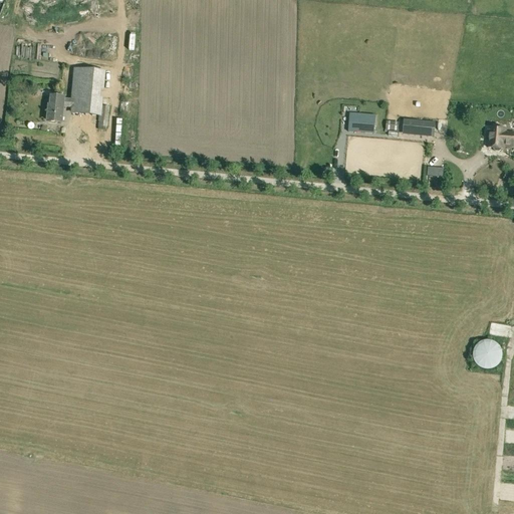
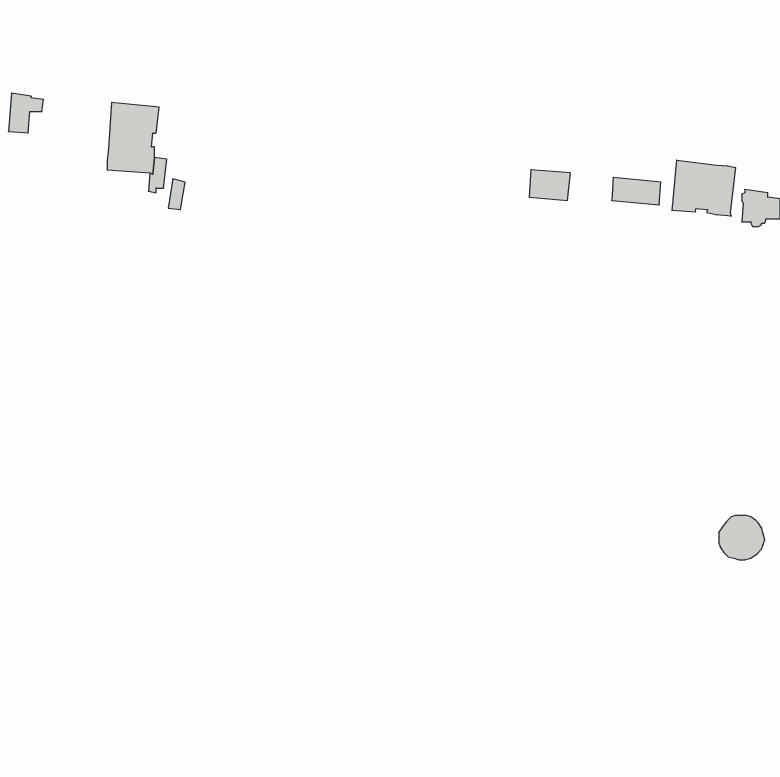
building: [48,93,71,119] -> [8,93,44,133]
building: none -> [672,160,735,216]

